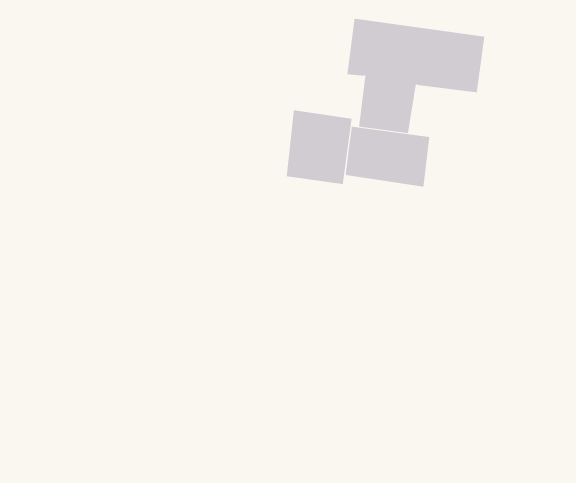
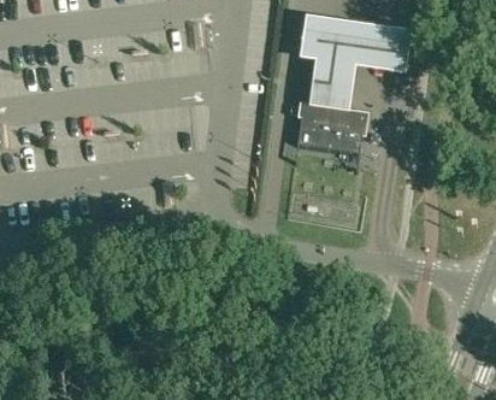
building: [286,110,352,185] -> none

